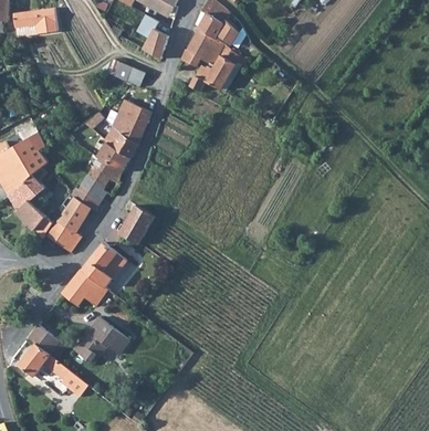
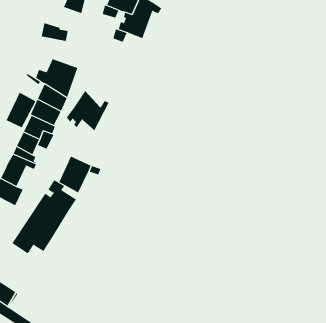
building: none -> [6,92,36,128]
building: none -> [66,90,109,131]
building: [73,316,129,360] -> none

